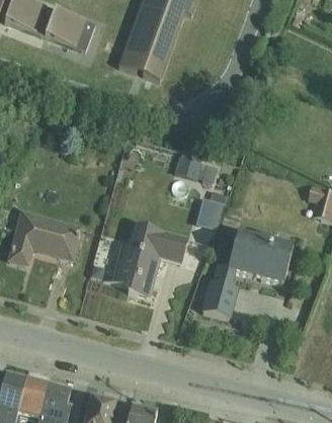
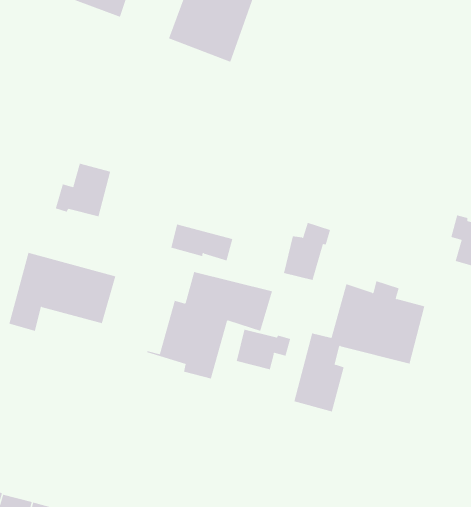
building: none -> [55,163,111,217]
building: [174,157,217,182] -> [170,224,233,261]
building: none -> [236,329,291,370]

